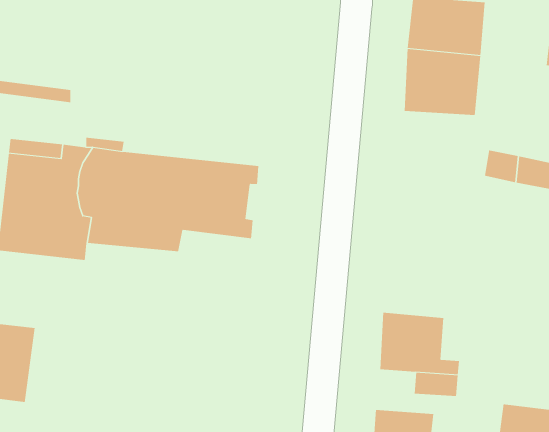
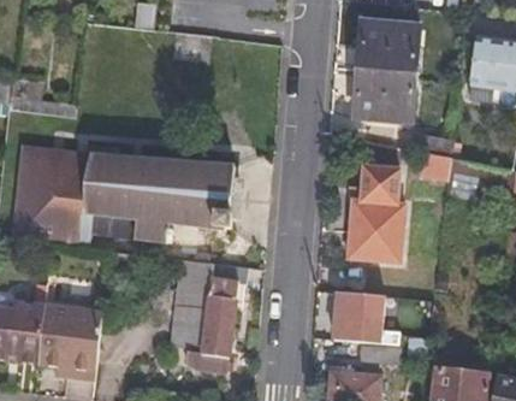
building: none -> [348,161,407,261]
building: none -> [162,256,243,370]
building: none -> [36,302,102,381]

